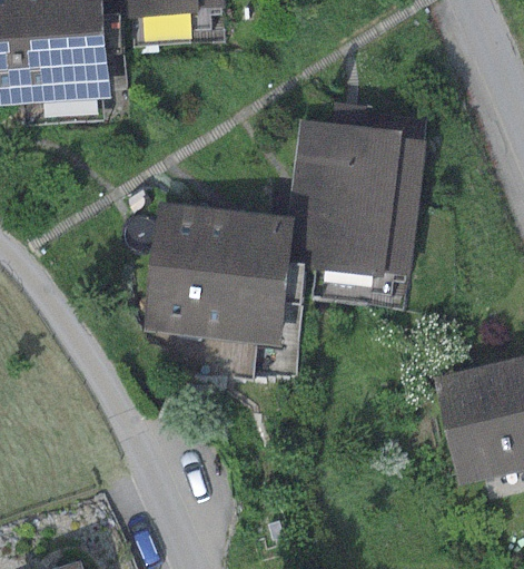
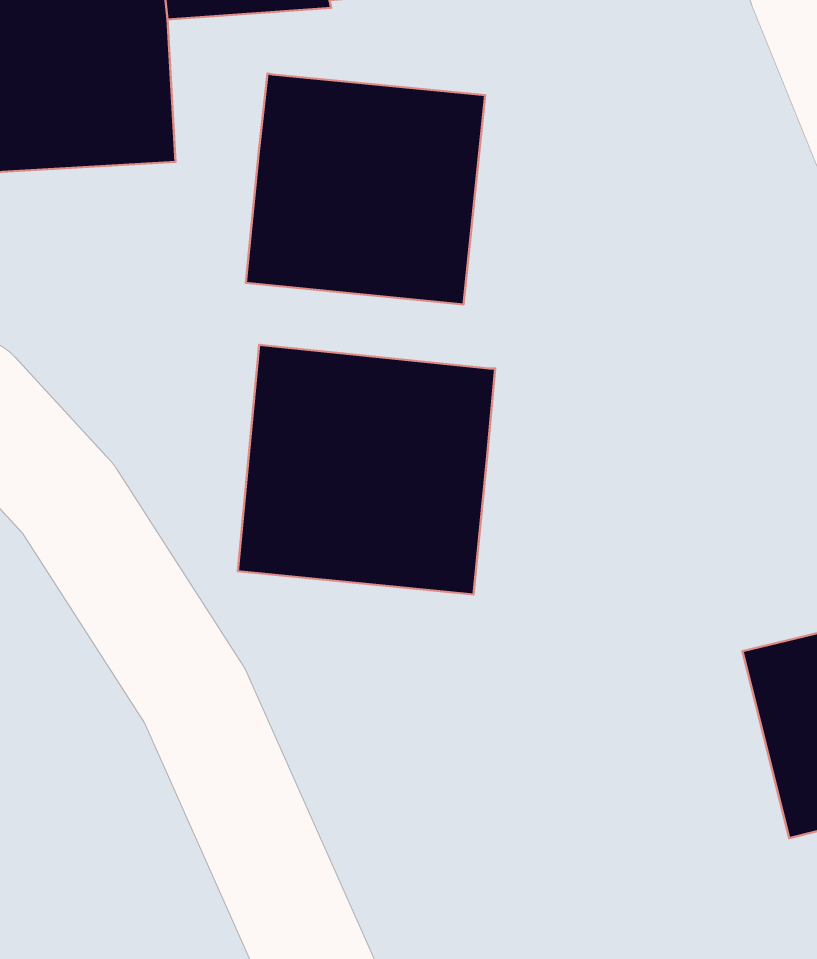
building: none -> [246,73,485,304]
building: [287,120,424,277] -> none

